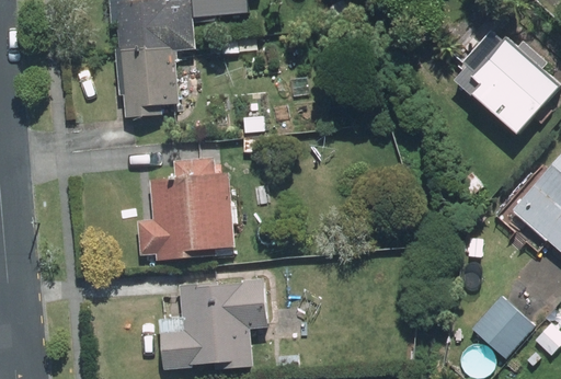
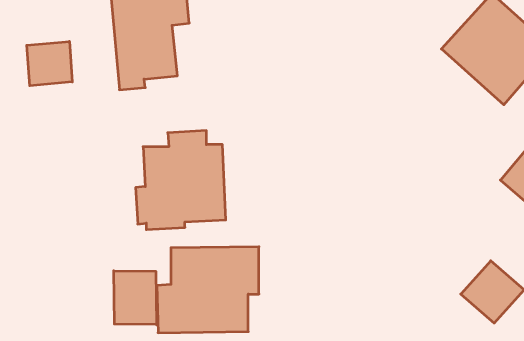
building: none -> [27,41,72,86]
building: none -> [114,271,156,325]

